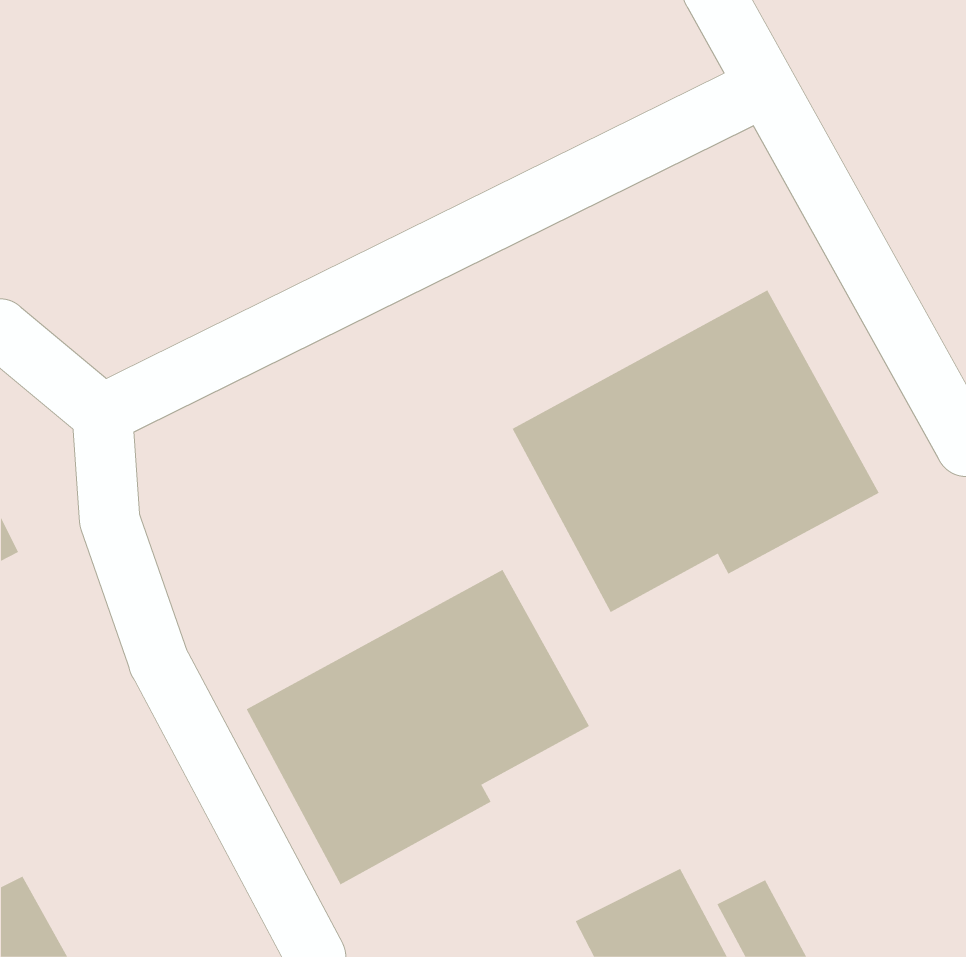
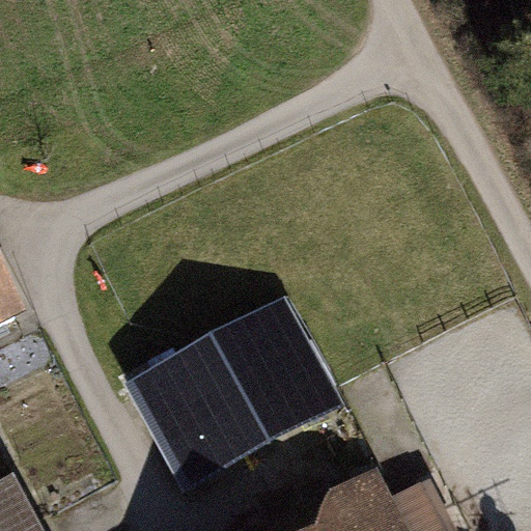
building: [512,290,879,613] -> none

